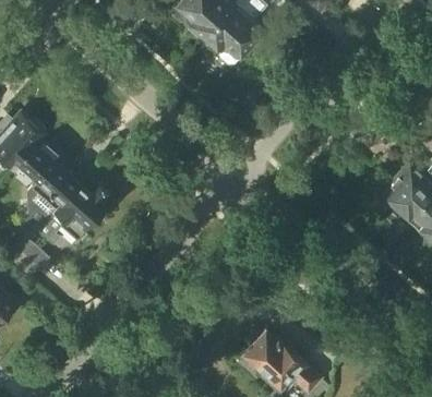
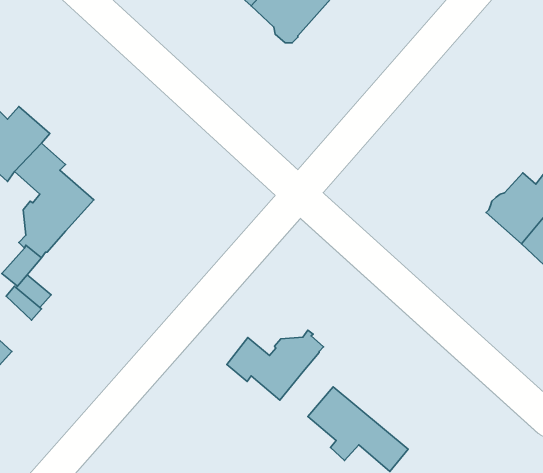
building: [45,182,113,241] -> none
building: none -> [227,330,323,400]

